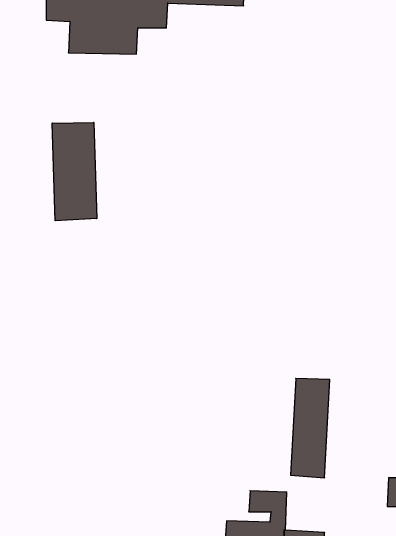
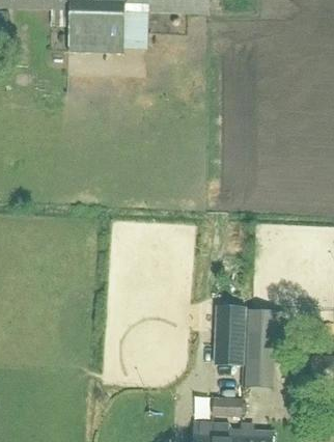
building: [52,122,97,221] -> none
building: none -> [214,304,246,363]

